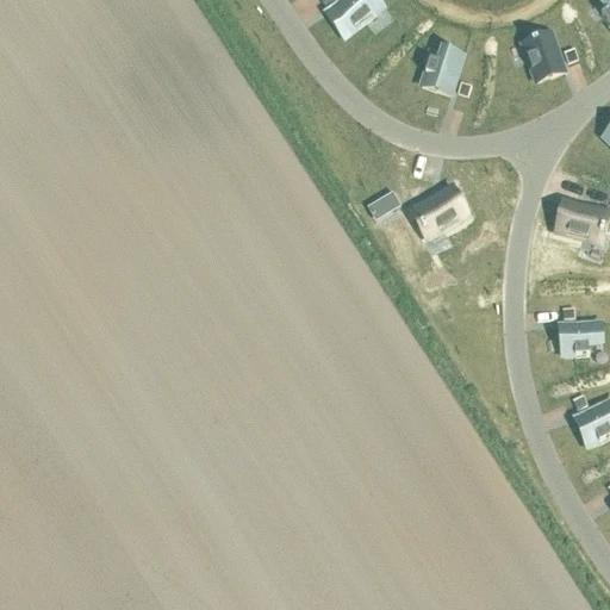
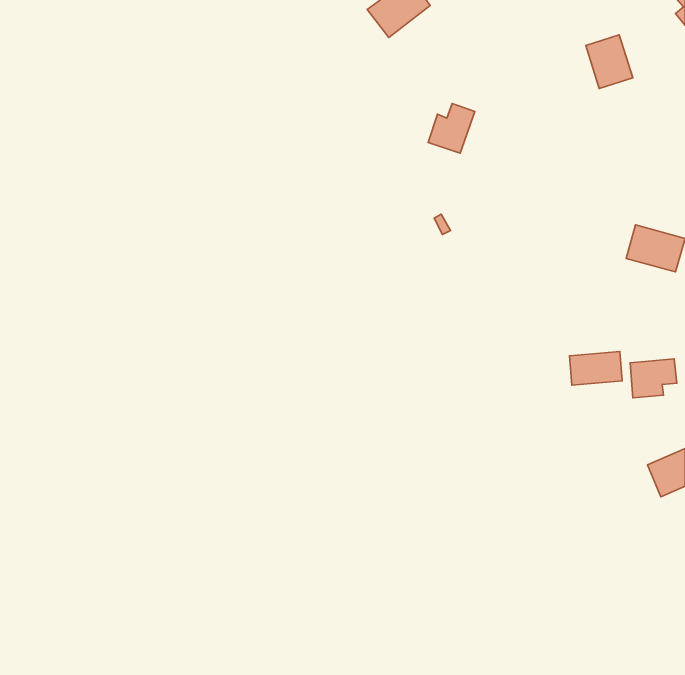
building: [422,48,463,92] -> [428,104,475,153]
building: [412,186,467,236] -> none
building: none -> [570,351,622,385]

